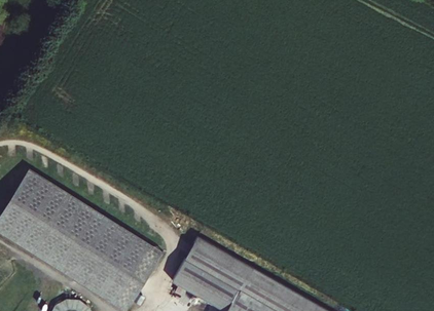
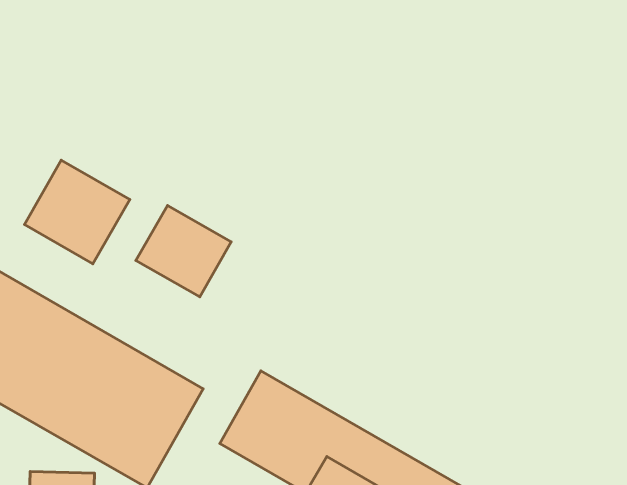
building: none -> [24,160,130,264]
building: none -> [136,206,231,297]

